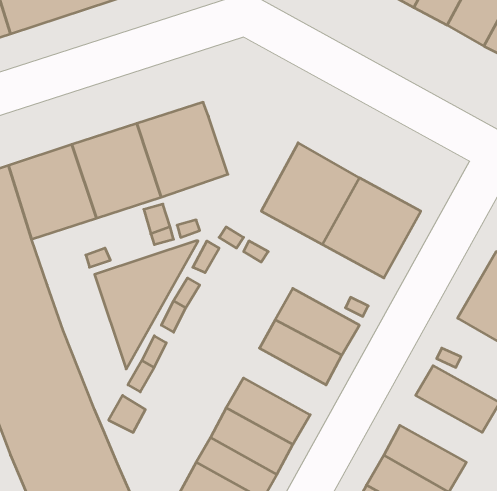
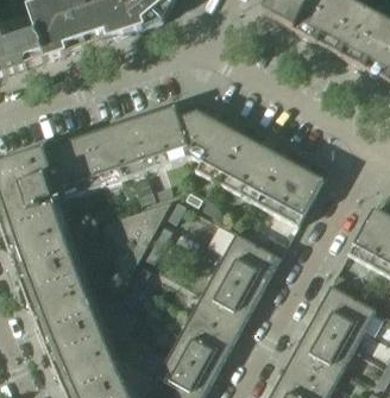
building: none -> [181,108,241,178]
building: none -> [205,271,260,316]
building: none -> [310,303,366,348]

